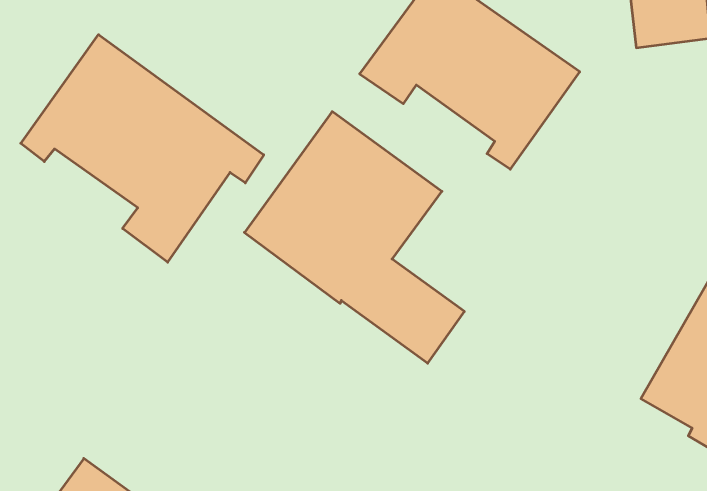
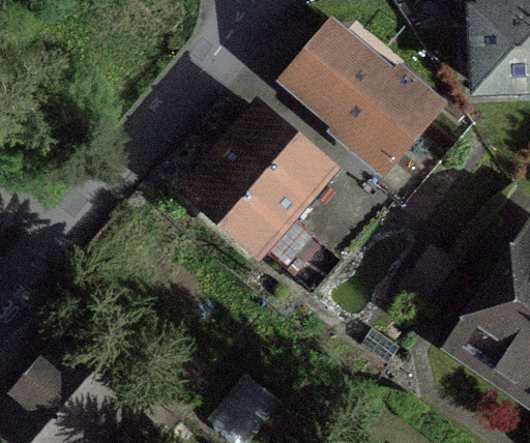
building: [21,35,264,262] -> none

